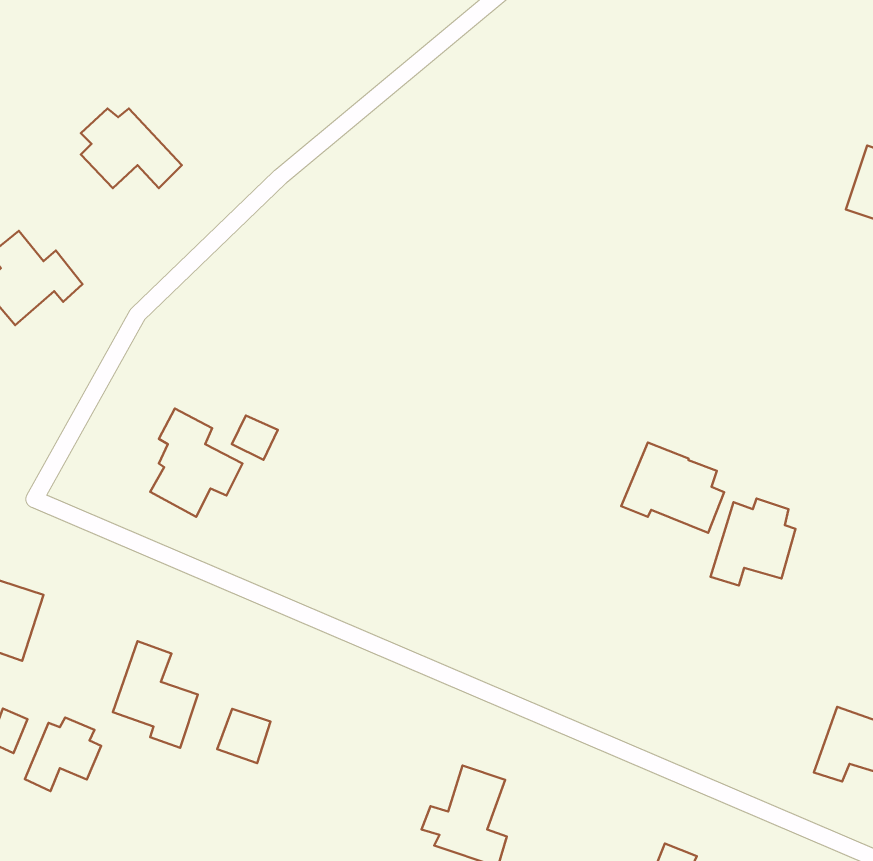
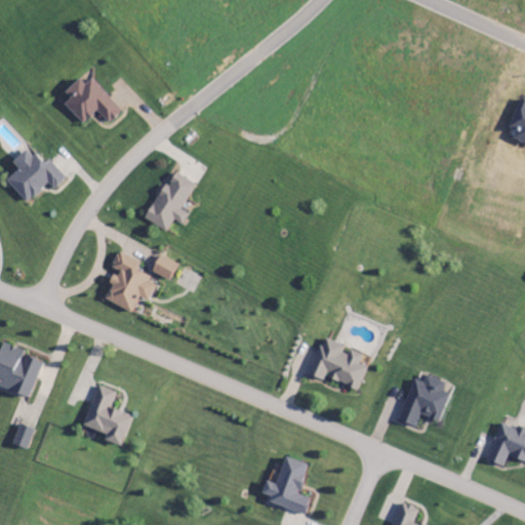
building: none -> [145,170,195,231]
building: [621,442,724,533] -> [308,337,367,390]
building: [710,499,796,586] -> [400,375,449,426]
building: [217,709,271,763] -> none
building: [25,718,101,791] -> none

